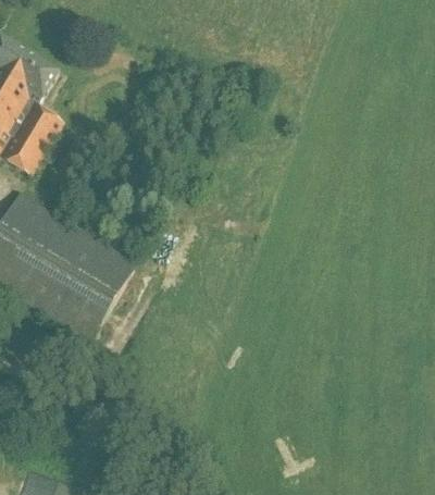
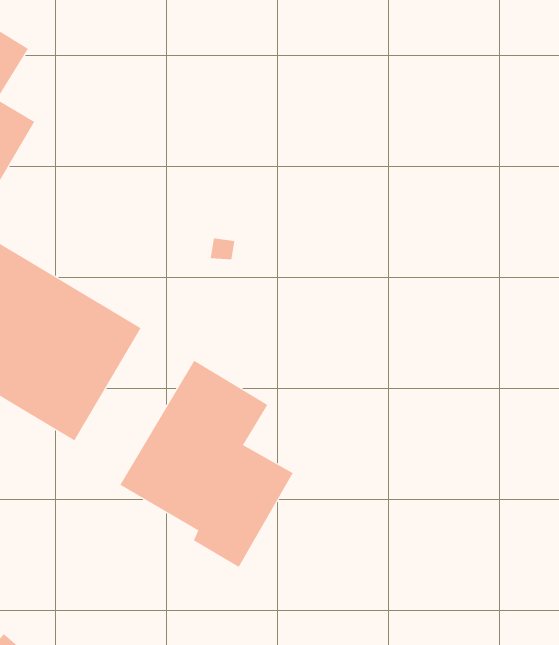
building: none -> [119,360,294,568]

